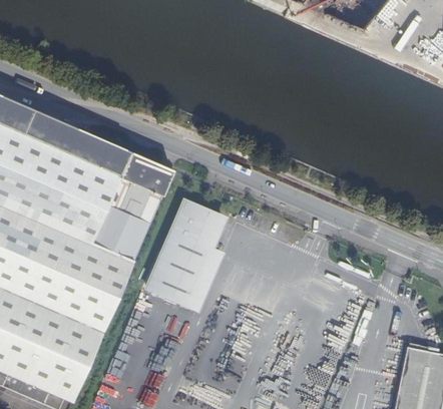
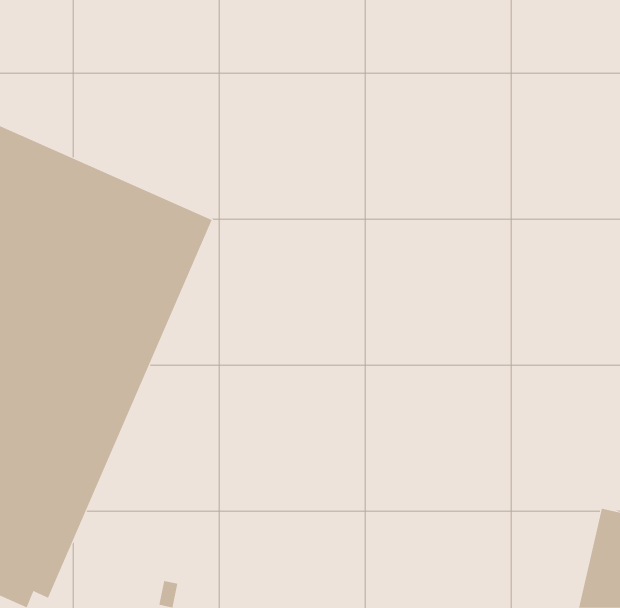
building: [144,200,220,311] -> none

